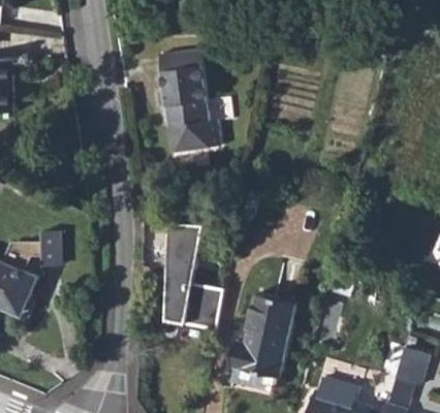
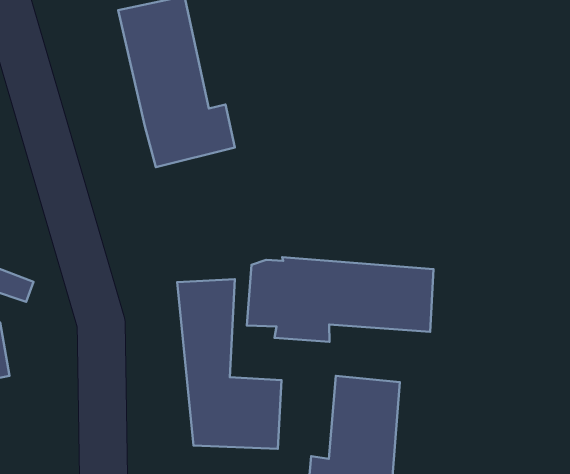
building: none -> [247,257,434,342]

